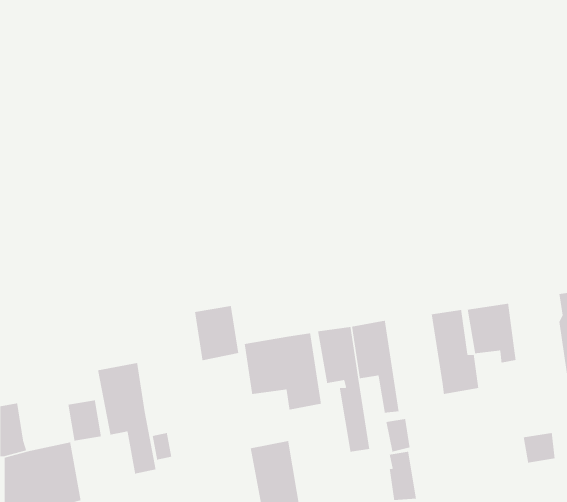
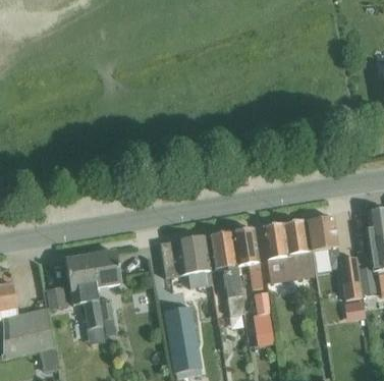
building: [194,305,239,361] -> [92,252,121,288]
building: none -> [263,224,291,280]
building: none -> [339,258,362,301]

